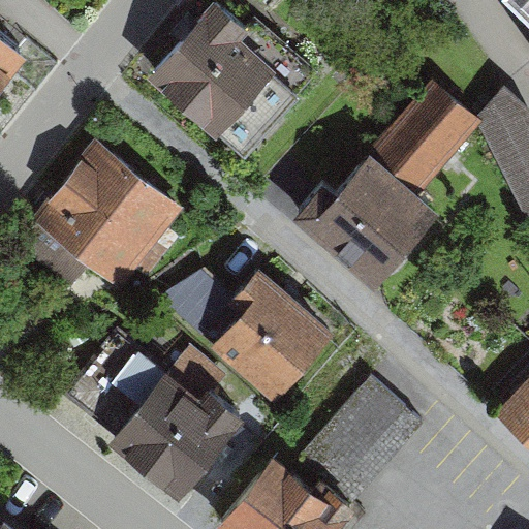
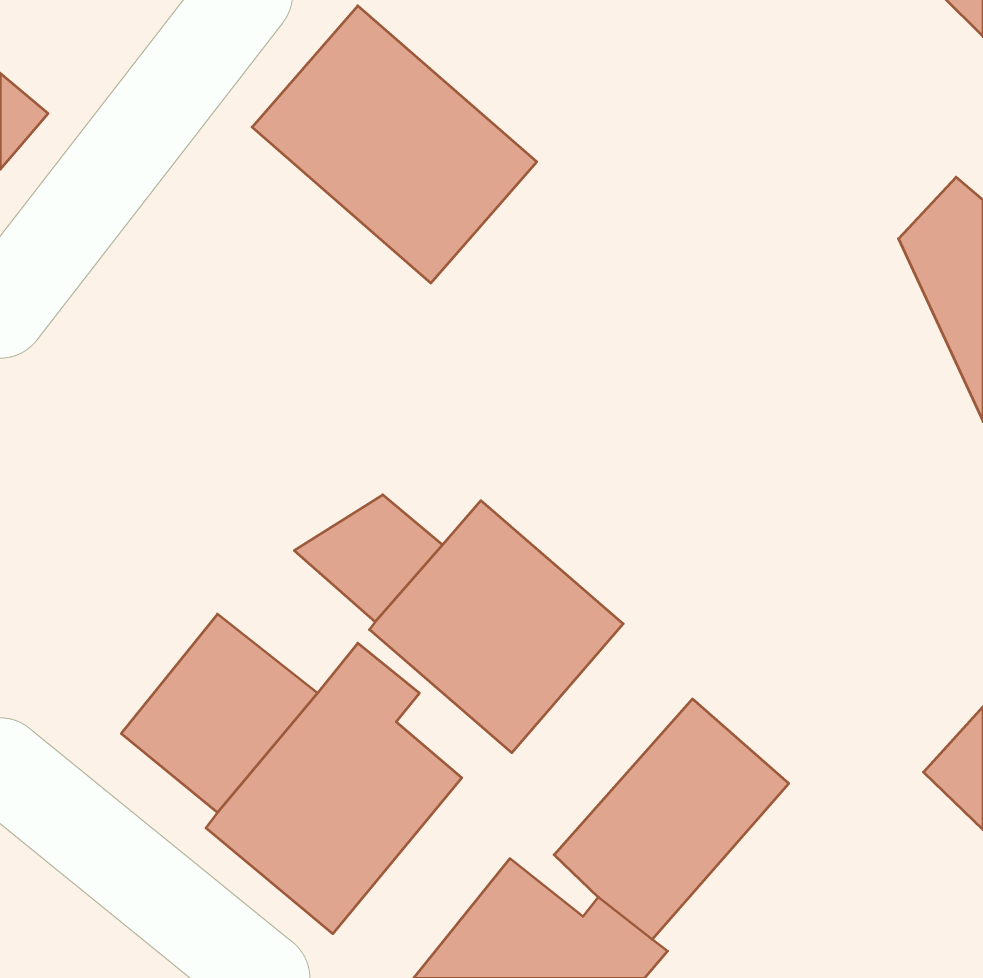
building: [288,83,479,292] -> none
building: [18,143,183,290] -> none

